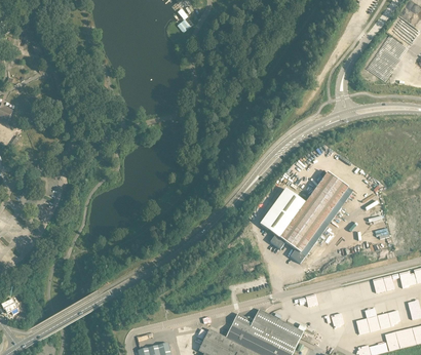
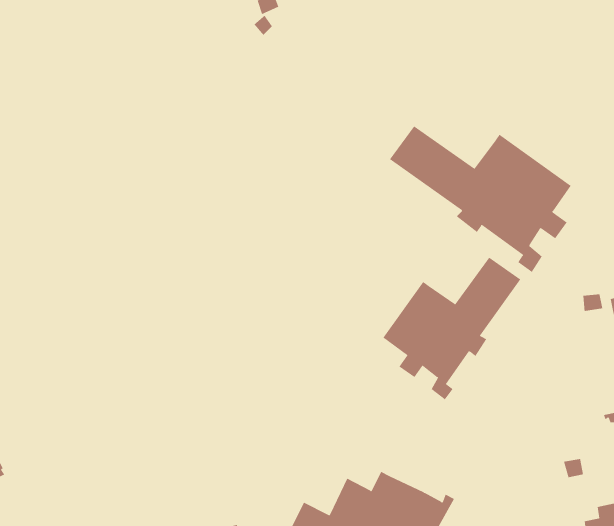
building: none -> [389,125,571,273]

